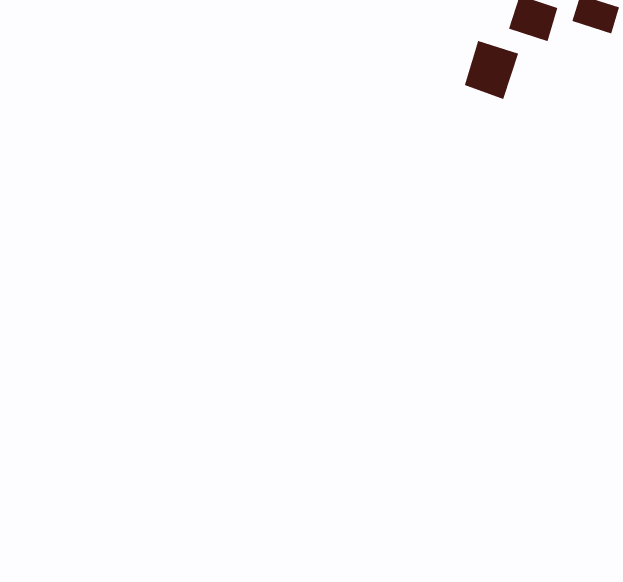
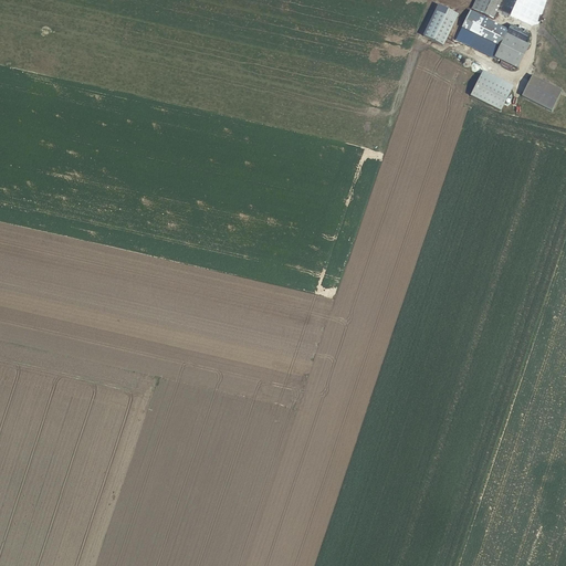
building: [464,40,519,100] -> none

